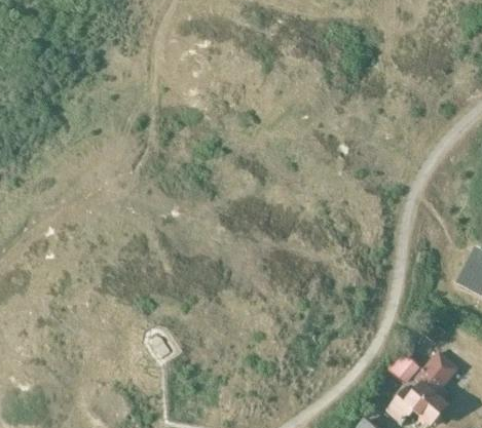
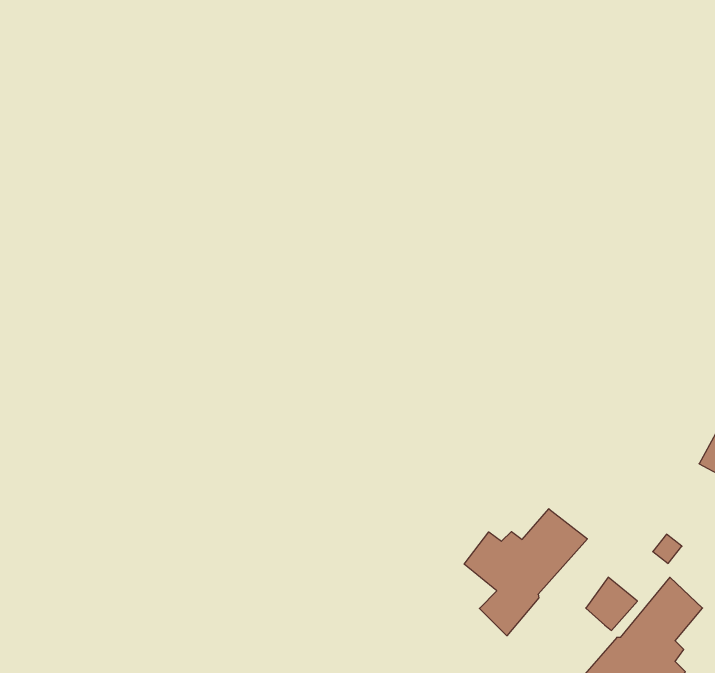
building: none -> [464,509,587,636]

